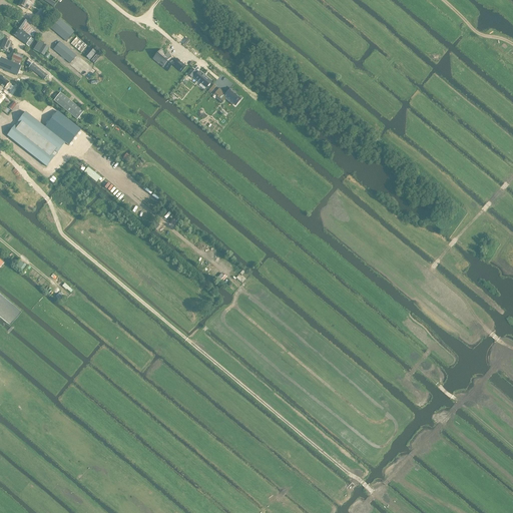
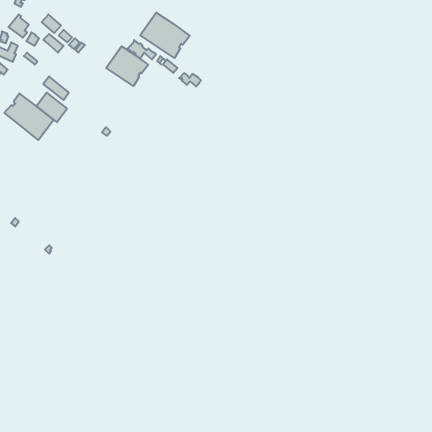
building: none -> [140,12,190,58]
building: none -> [106,46,148,86]

